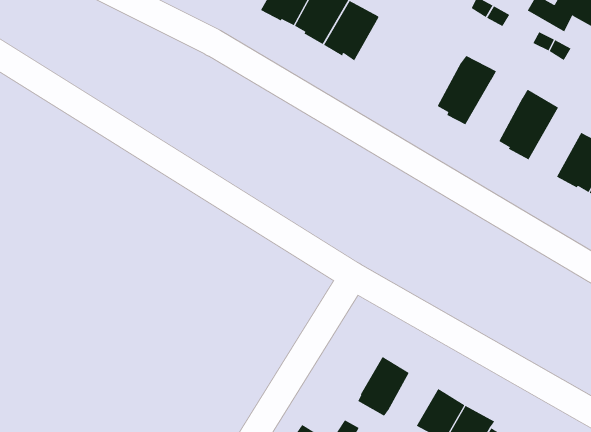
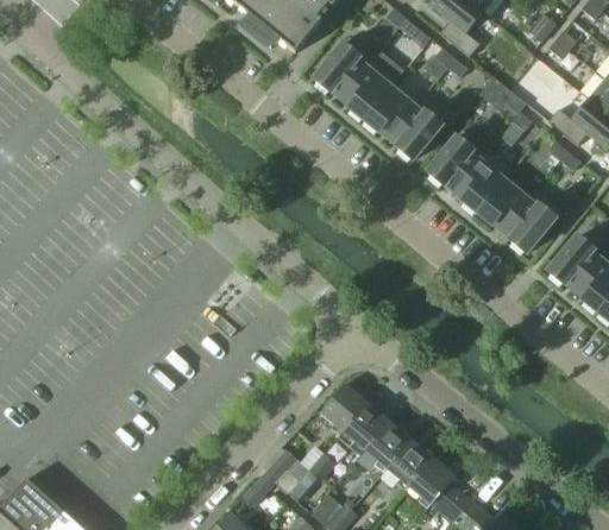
building: none -> [389,96,448,160]
building: none -> [428,137,482,191]
building: none -> [477,177,530,232]
building: none -> [320,385,368,433]
building: none -> [365,422,412,469]

